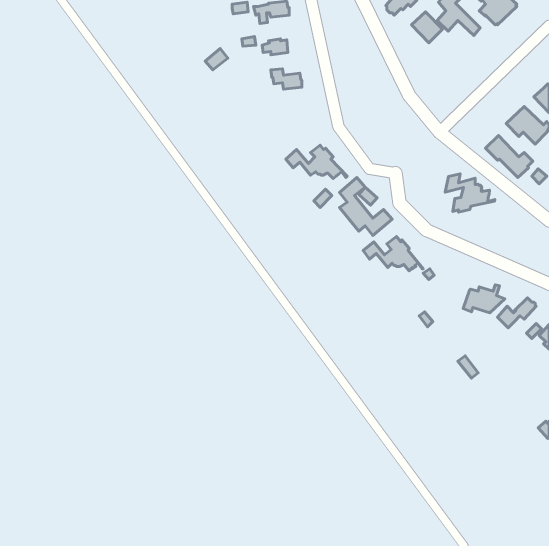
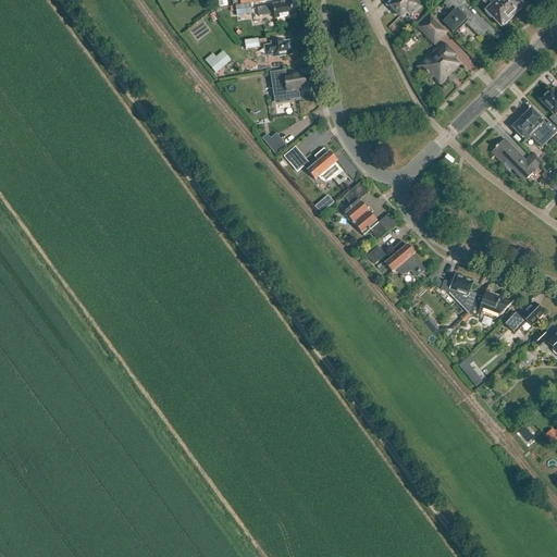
building: none -> [422,42,457,81]
building: [445,174,495,212] -> none
building: none -> [450,274,475,312]

